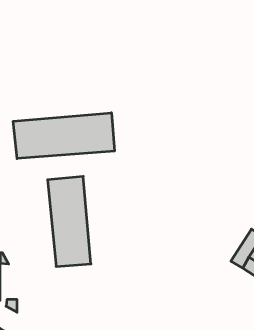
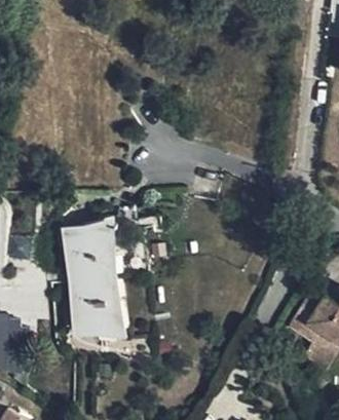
building: [13,113,114,159] -> none

